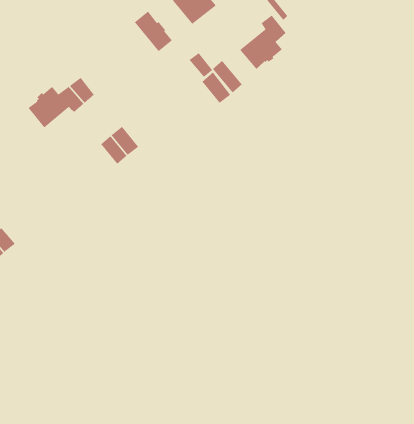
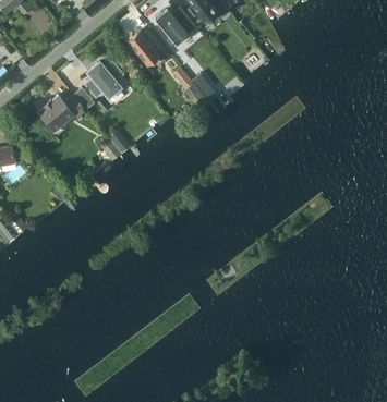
building: [239,14,286,70] -> none
building: none -> [85,63,120,98]

